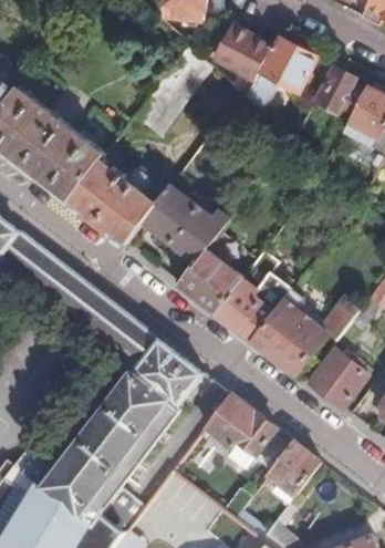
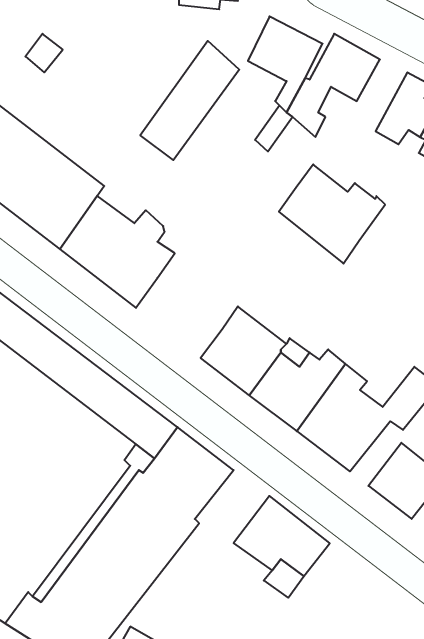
building: [143,187,225,263] -> [279,164,385,264]
building: [267,441,318,493] -> none

